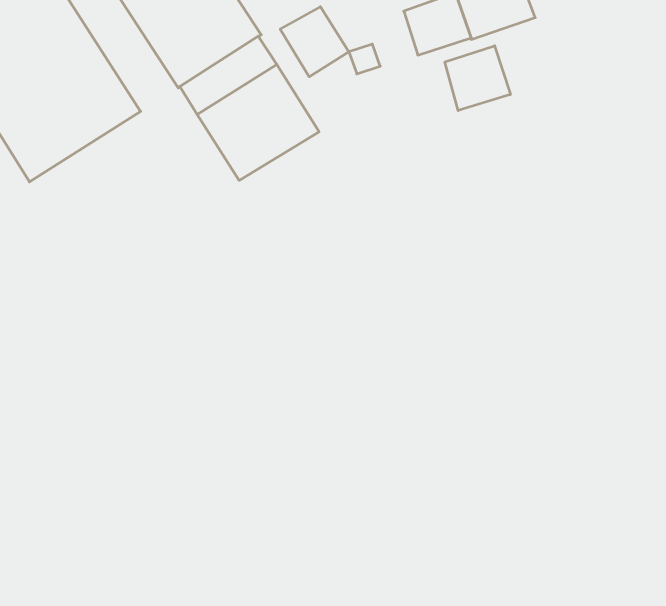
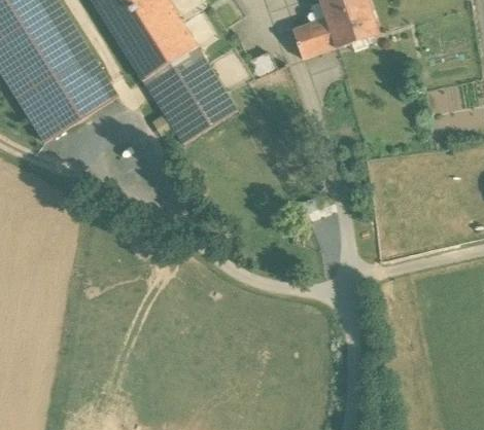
building: [280,7,349,77] -> none
building: [445,46,510,111] -> none

